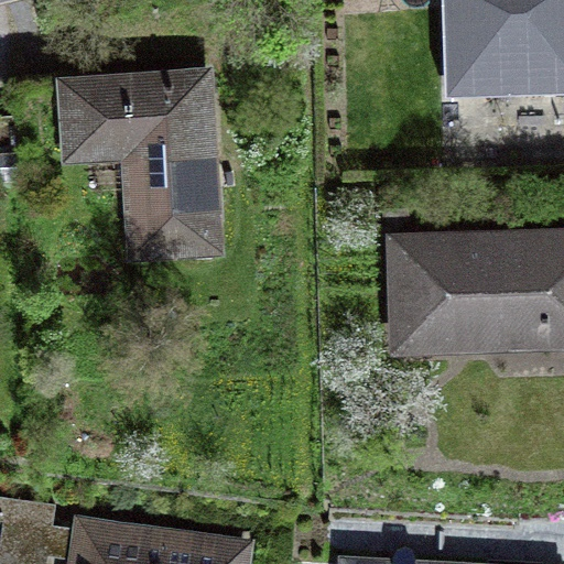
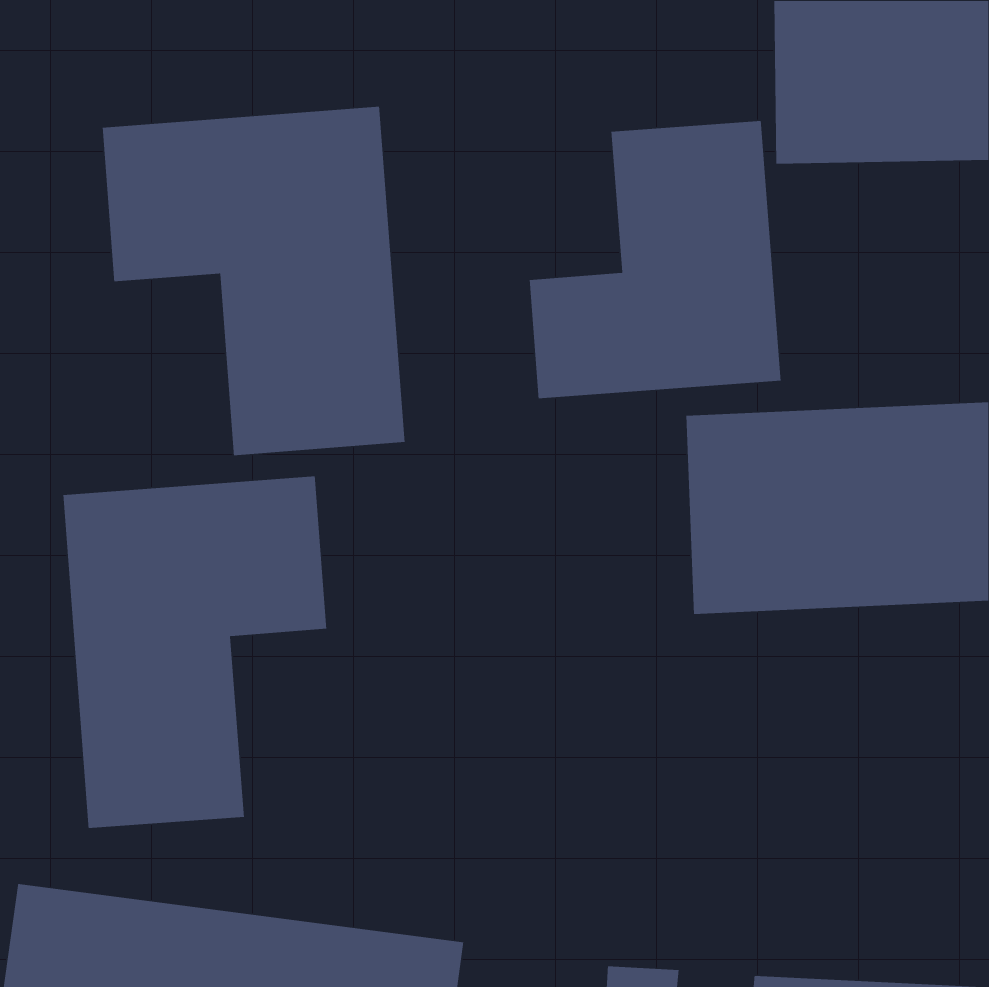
building: none -> [529,120,781,399]
building: none -> [62,476,327,829]

